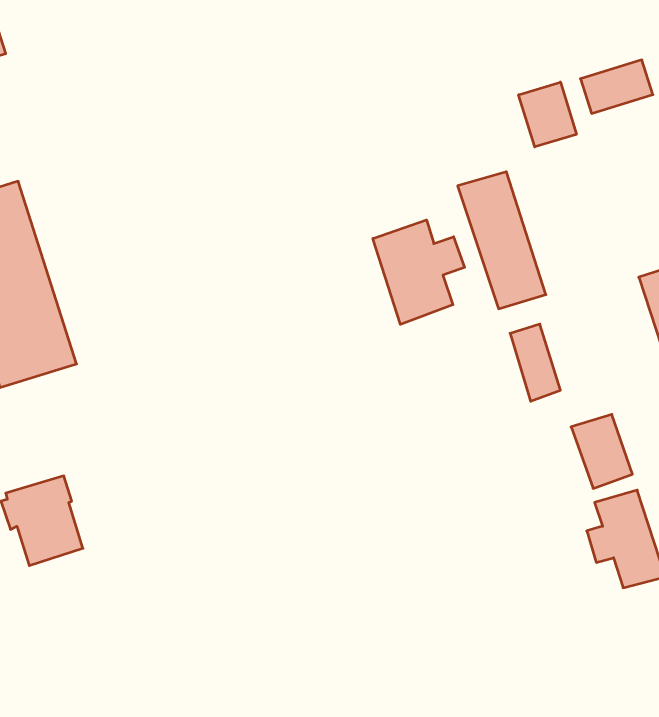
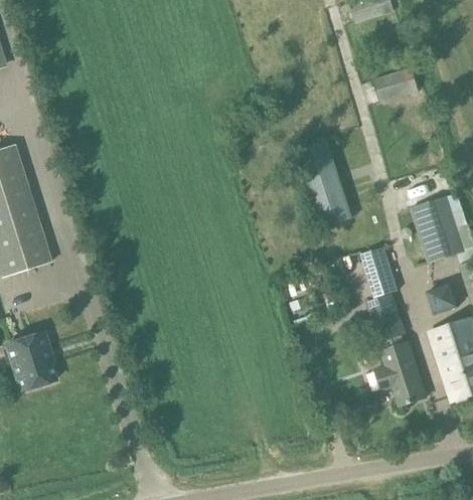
building: [519,82,576,147] -> none
building: [373,220,465,324] -> none
building: [510,324,560,401] -> [361,247,393,297]

